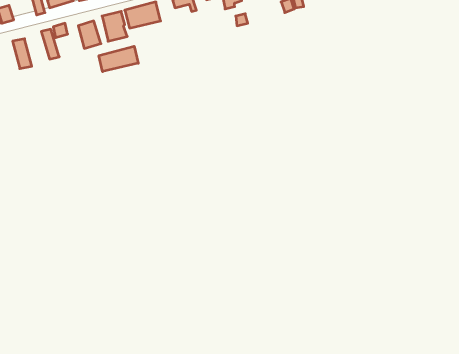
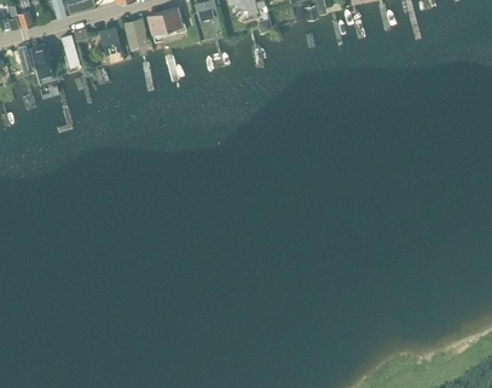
building: [99,46,138,72] -> none

